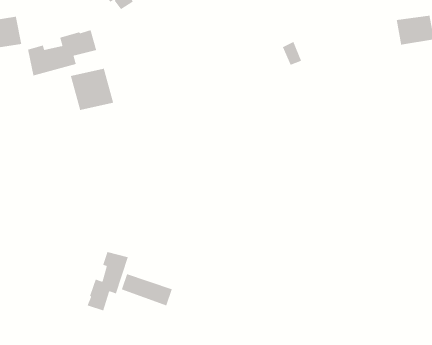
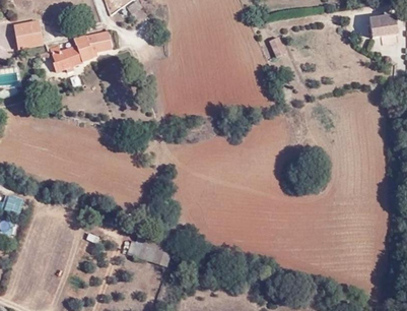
building: [70,68,114,111] -> none
building: [87,251,129,312] -> none

